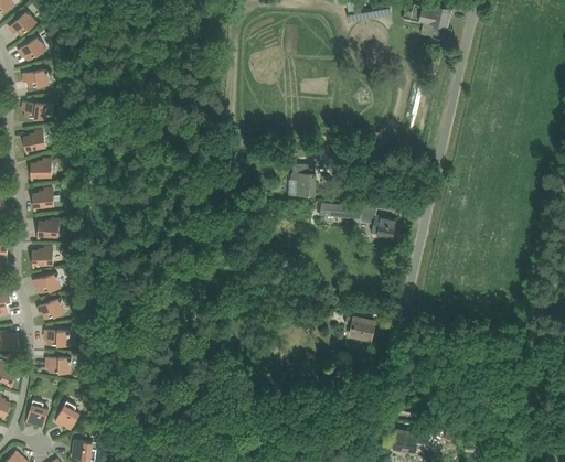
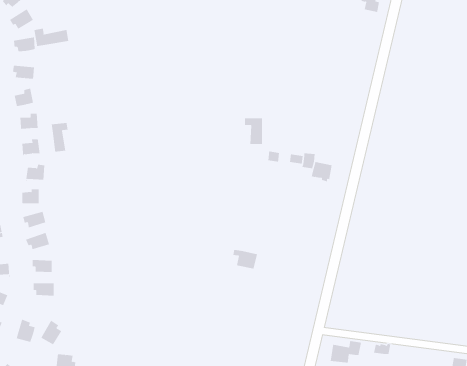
building: none -> [34,28,69,47]
building: none -> [51,122,68,153]
building: [344,316,374,340] -> [232,249,258,269]

